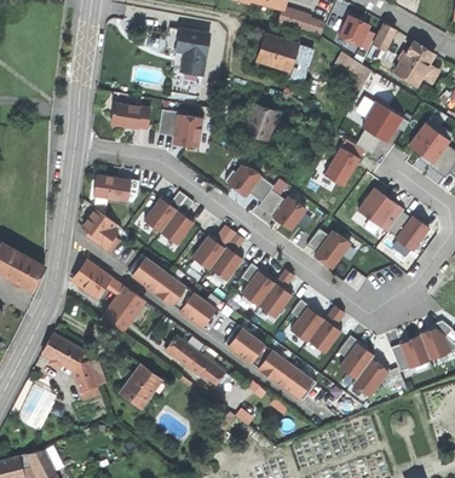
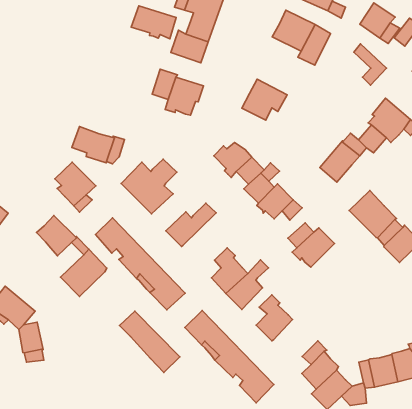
building: [110,104,150,131] -> [131,6,176,39]
building: [211,234,244,281] -> none
building: [309,306,344,353] -> none
building: [121,364,162,408] -> none

